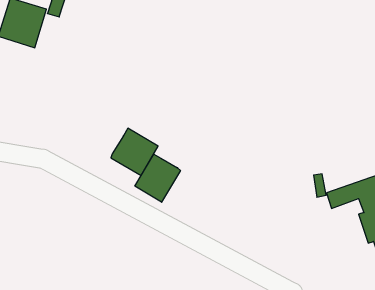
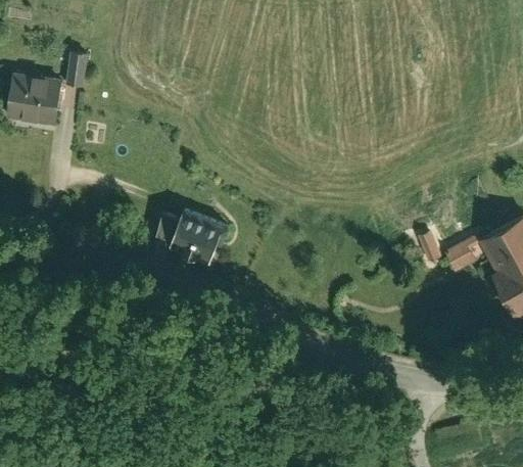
building: none -> [151,213,181,245]
building: [135,154,180,202] -> none

